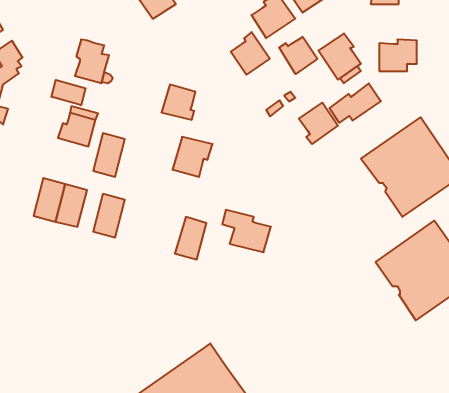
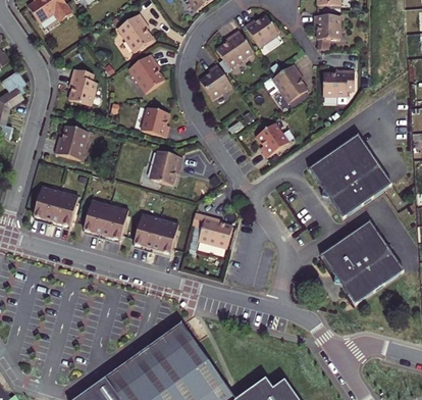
building: none -> [128,53,163,92]
building: [279,37,317,74] -> none
building: [51,80,86,105] -> none
building: [329,83,381,123] -> none
building: [93,133,125,177] -> [102,203,128,240]
building: none -> [134,212,161,248]

